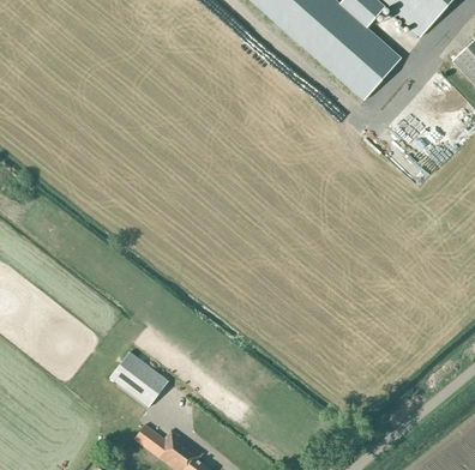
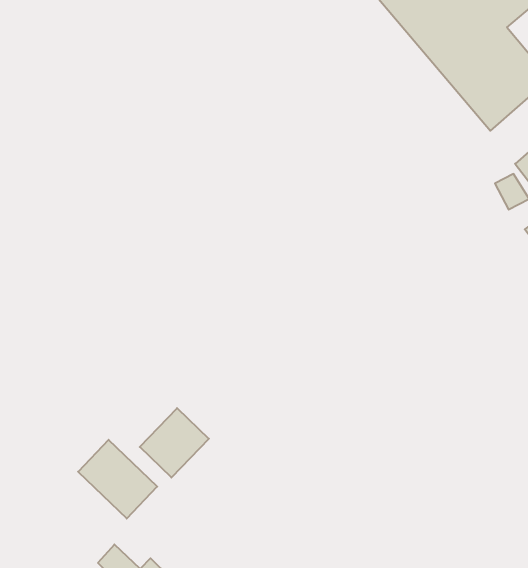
building: none -> [140,408,209,478]

